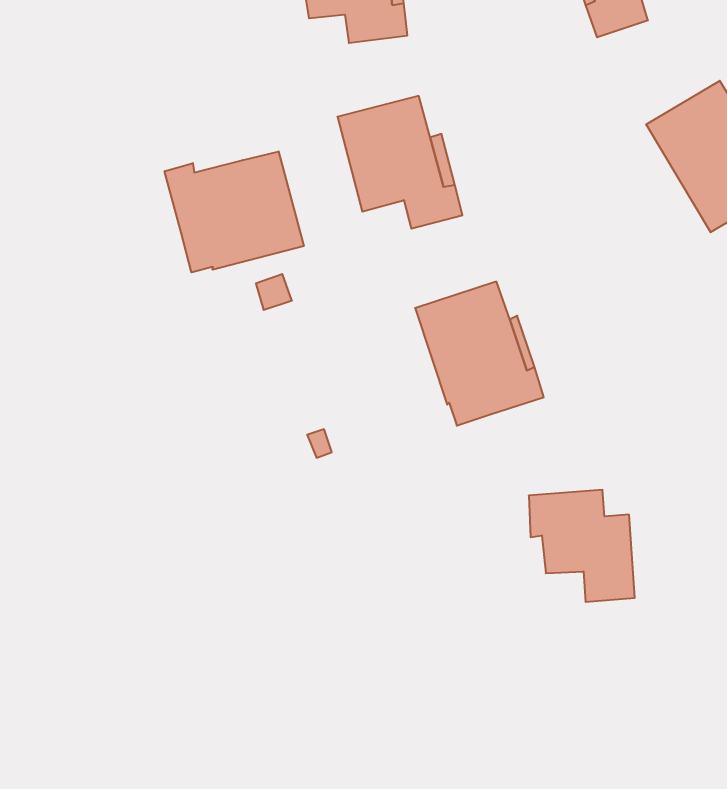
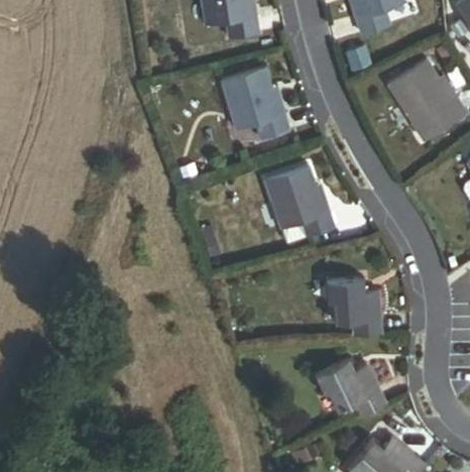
building: [165,151,304,272] -> none
building: none -> [314,360,385,417]

